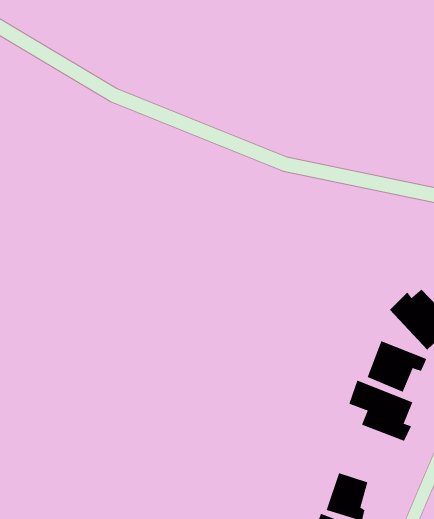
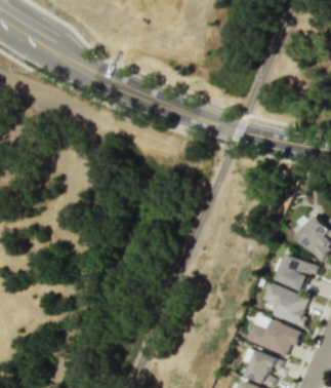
building: none -> [245,314,300,356]

